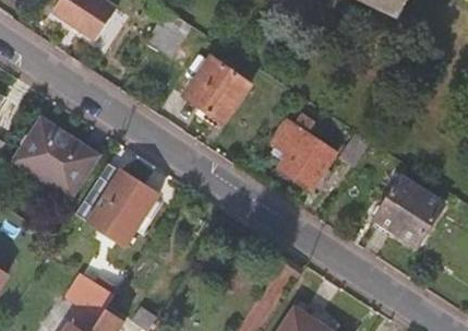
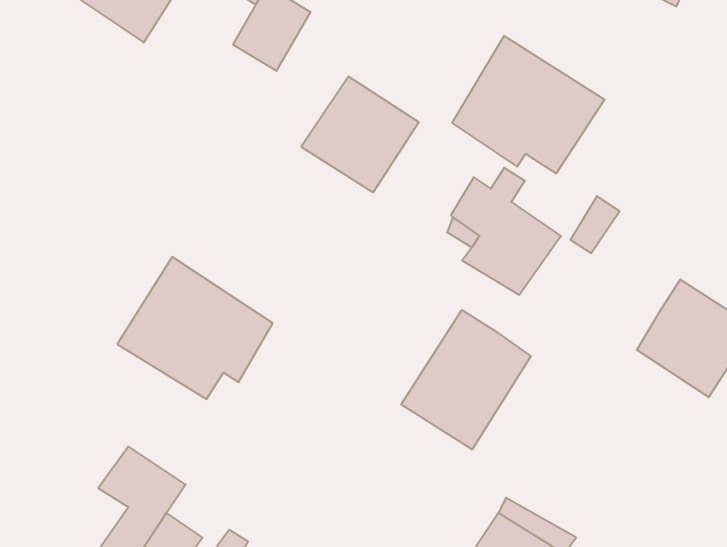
building: none -> [452,36,605,173]
building: [17,118,99,196] -> none
building: none -> [401,310,531,450]

